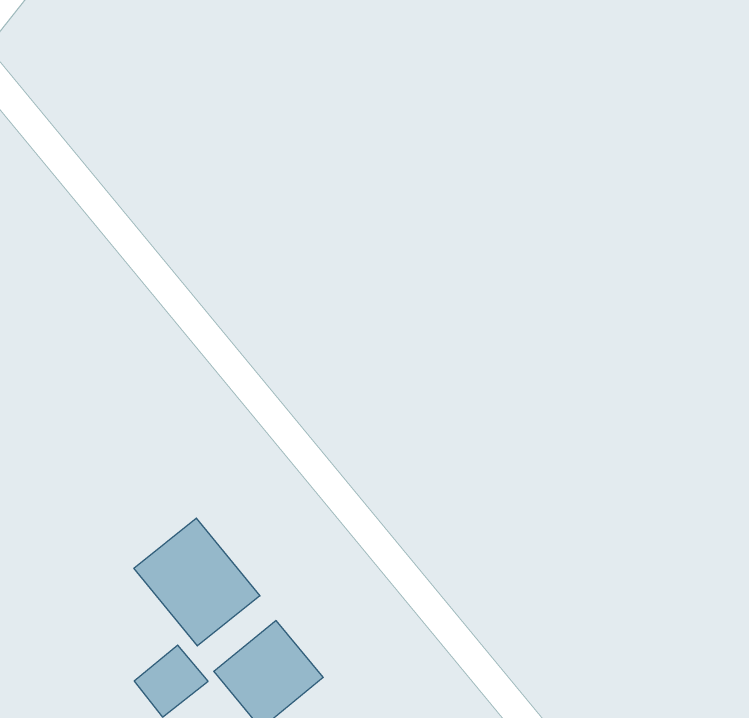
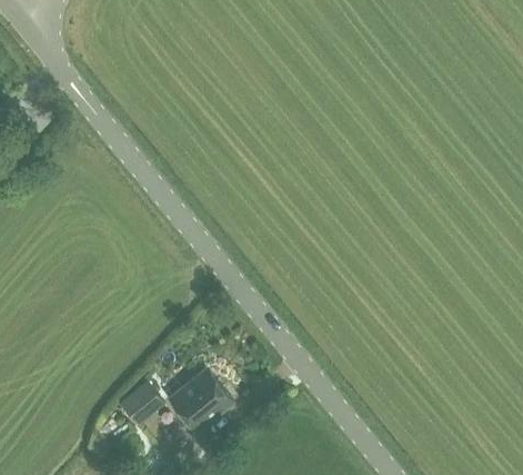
building: [134,518,260,646] -> none

